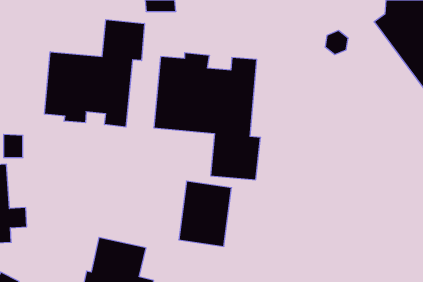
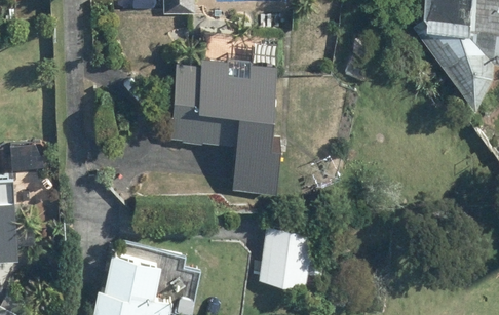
building: [44,20,144,127] -> none
building: [179,181,232,246] -> [259,219,315,288]

